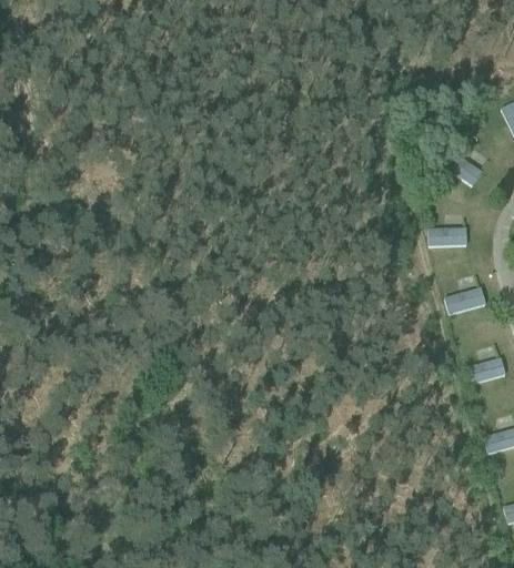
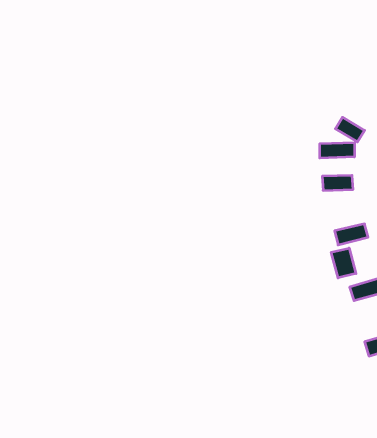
building: none -> [320,143,355,158]
building: none -> [331,248,356,278]

